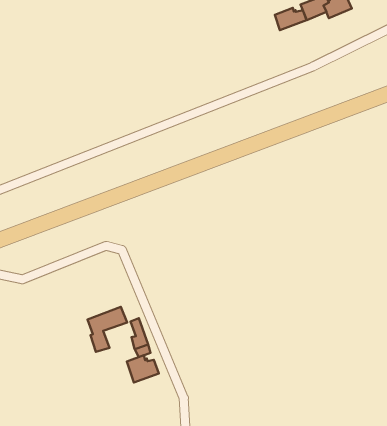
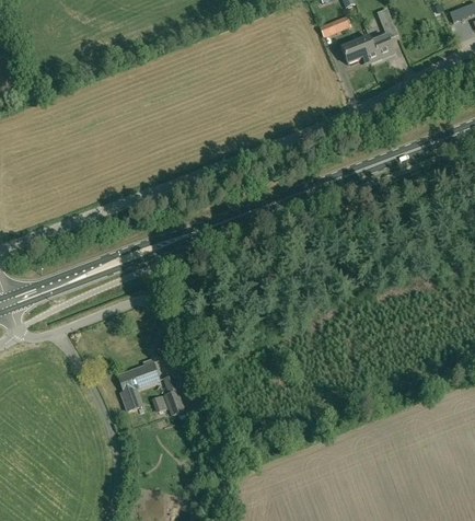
building: [275,8,306,30] -> none
building: [127,355,159,382] -> none

